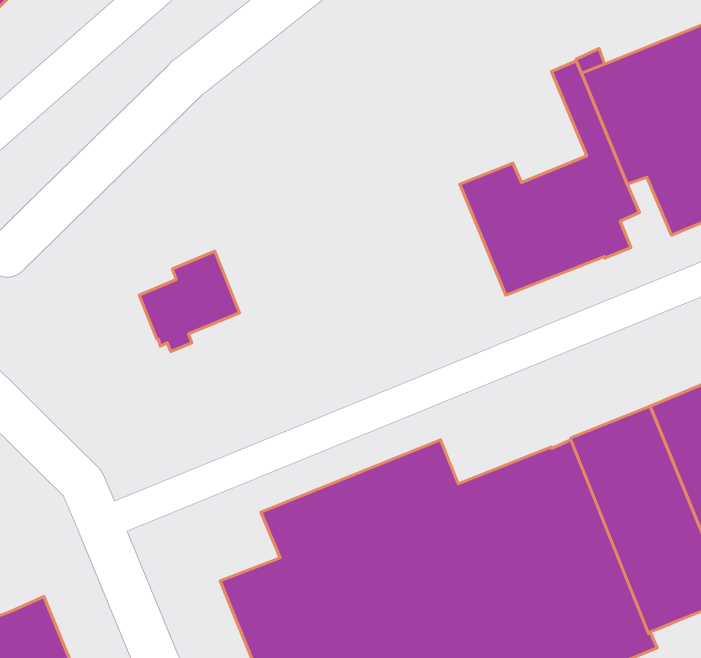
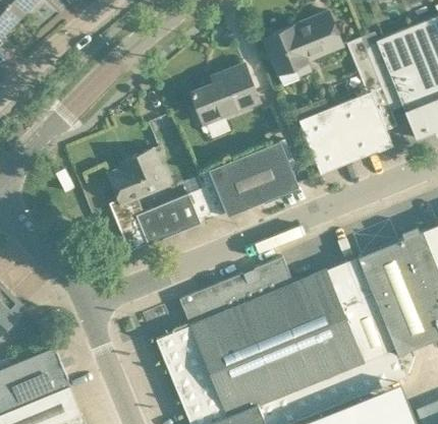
building: none -> [262,11,343,85]
building: none -> [190,64,259,124]
building: none -> [196,141,298,218]
building: none -> [108,193,200,252]

